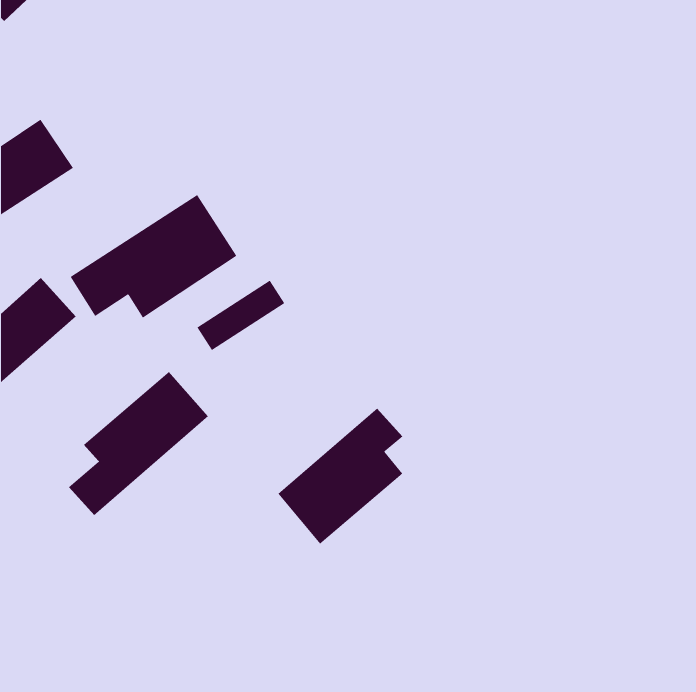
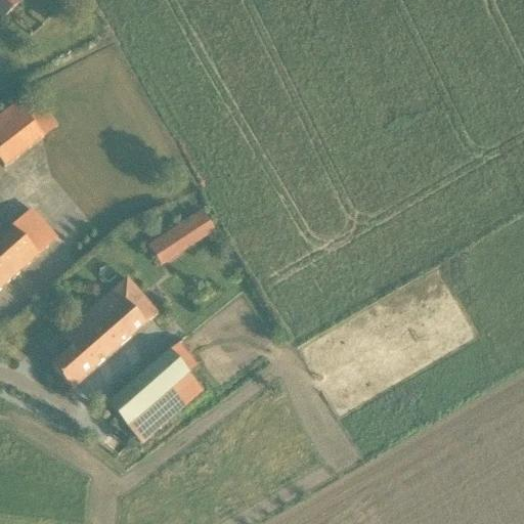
building: [70,194,237,319] -> none
building: [277,408,403,544] -> [108,339,203,441]

